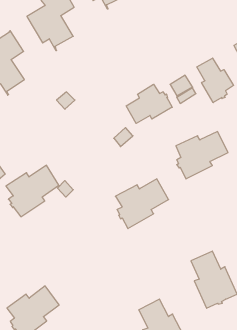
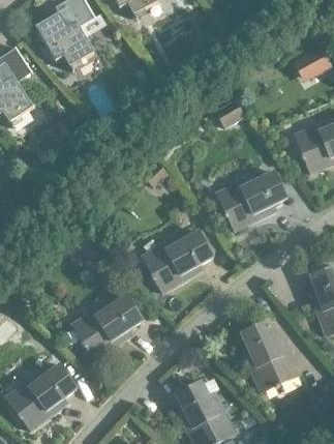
building: [197,58,234,103] -> none
building: [126,84,172,123] -> none
building: [6,165,59,217] -> [77,294,143,358]

